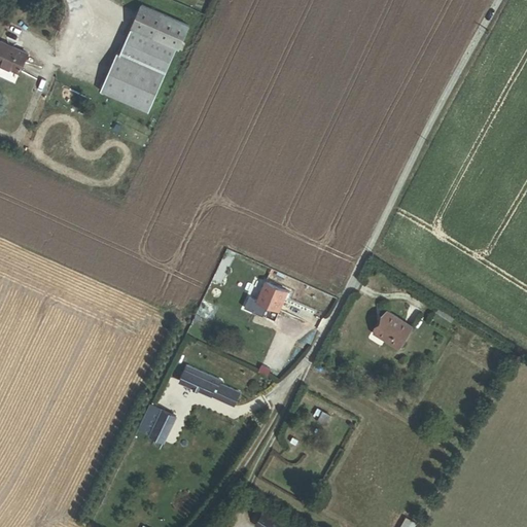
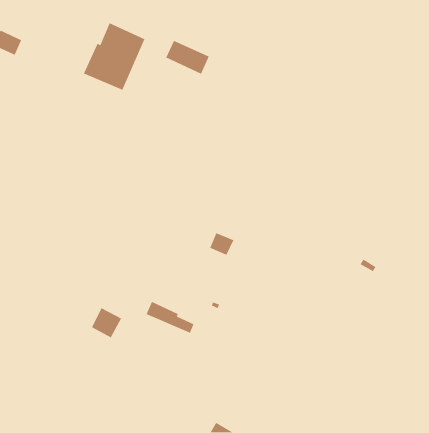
building: [133,5,187,47] -> [165,40,210,75]
building: [378,319,415,355] -> none
building: [135,403,173,442] -> [91,307,122,338]

